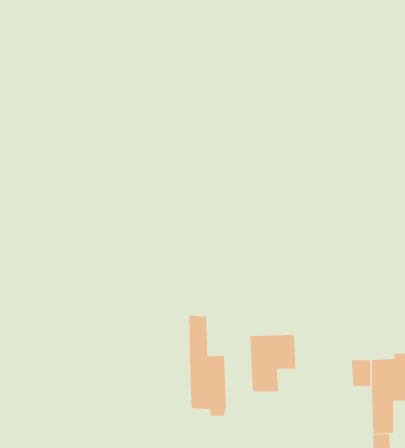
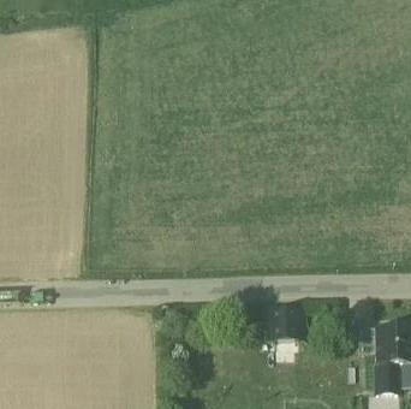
building: [189,315,226,417] -> none

